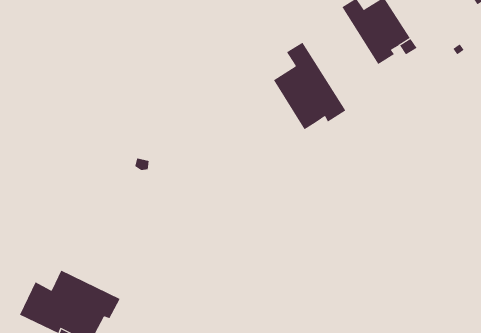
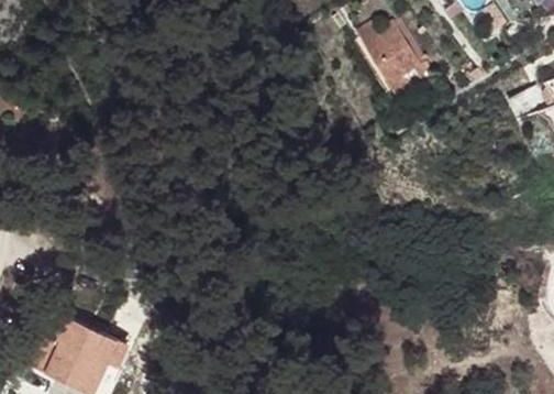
building: [273,42,346,130] -> none

